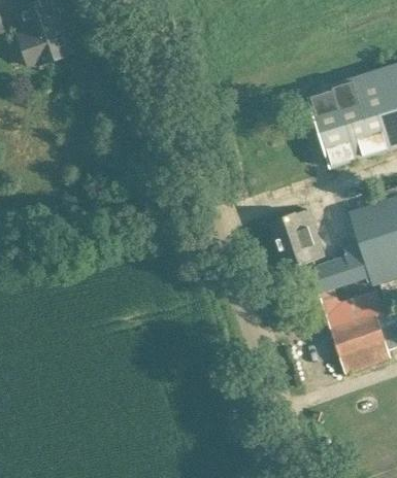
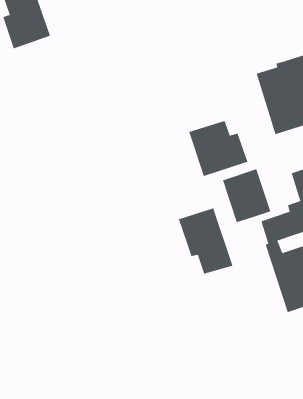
building: none -> [188,120,248,177]
building: none -> [178,208,233,274]

